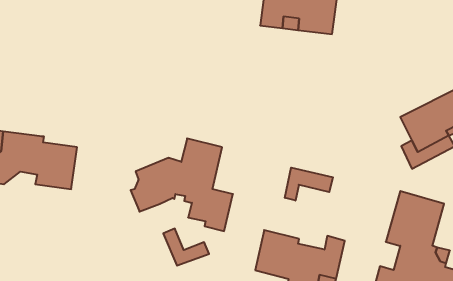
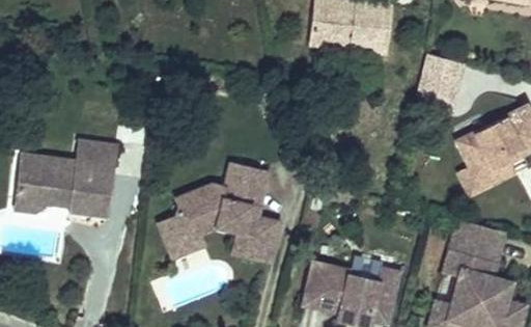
building: none -> [417,54,460,108]
building: none -> [76,140,117,172]
building: [285,168,333,201] -> none
building: [163,229,209,266] -> [158,218,206,257]

